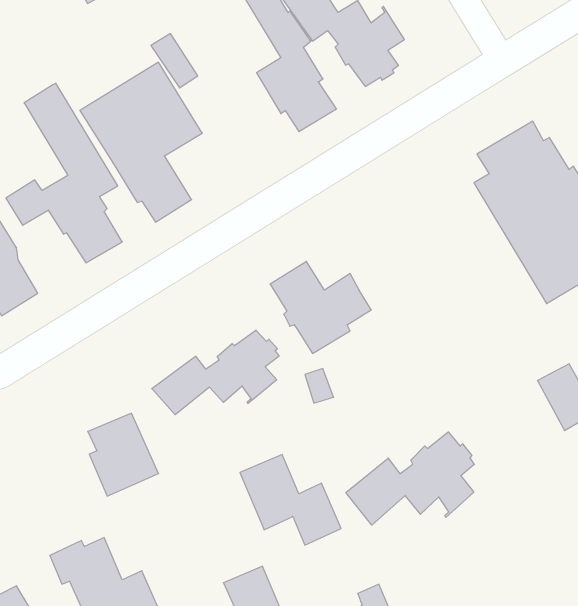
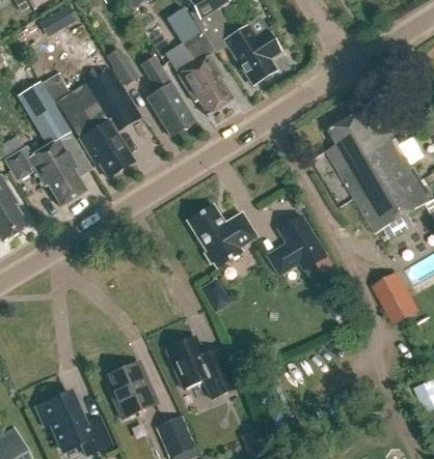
building: none -> [140,55,194,135]
building: none -> [268,214,324,272]
building: [152,330,279,415] -> none
building: [88,413,159,496] -> [108,361,157,418]
building: [346,432,474,525] -> none

